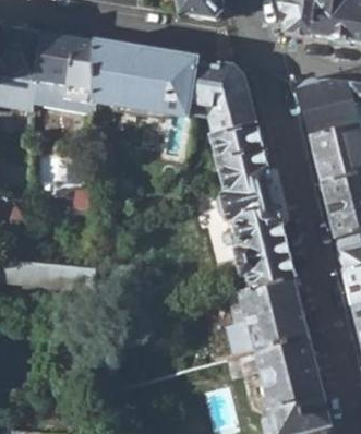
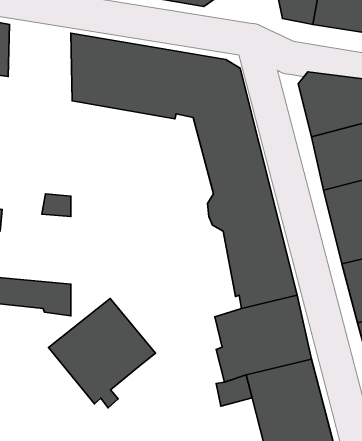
building: [36,33,94,106] -> none
building: none -> [49,299,155,408]

